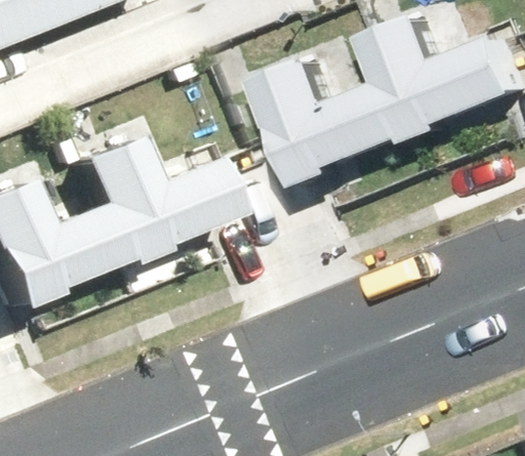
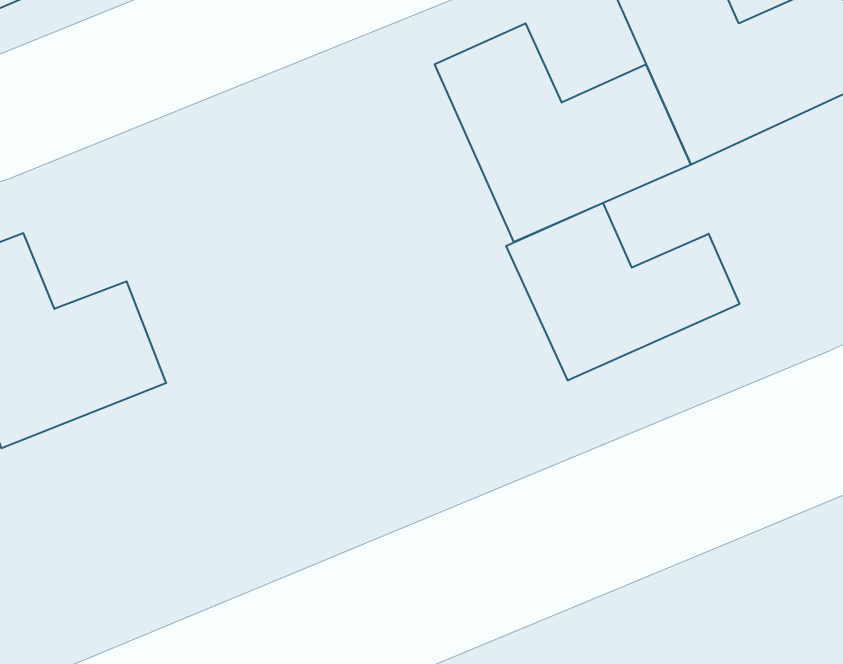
building: [58,133,226,268] -> none
building: none -> [506,203,739,381]

